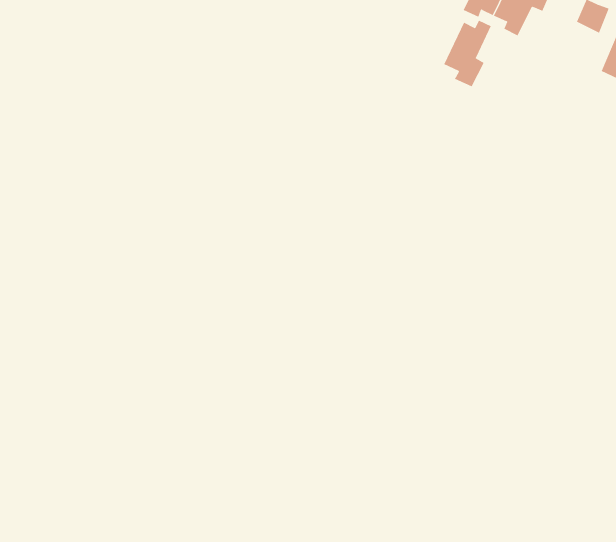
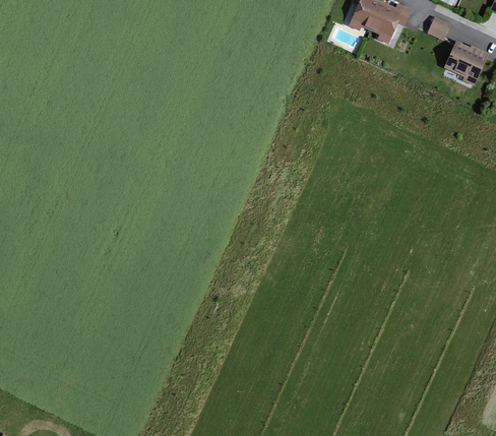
building: [443,20,491,87] -> none

